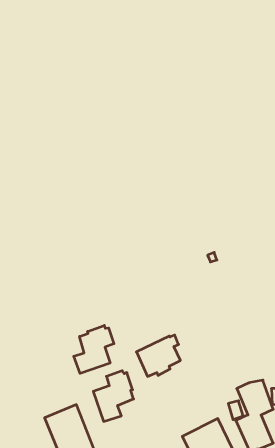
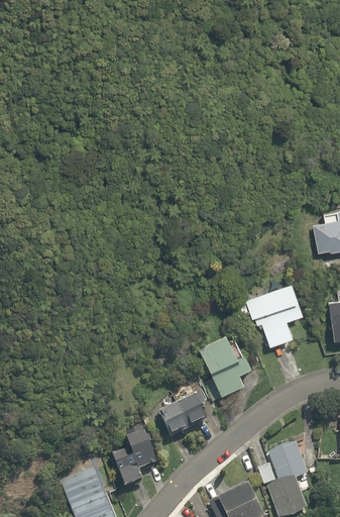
building: none -> [246,284,303,345]
building: none -> [198,338,251,402]
building: [74,325,114,373] -> none

